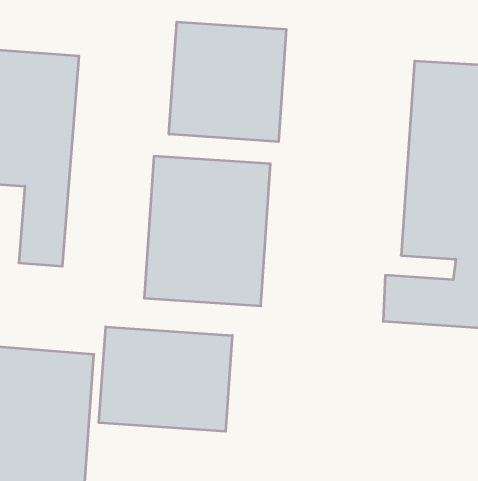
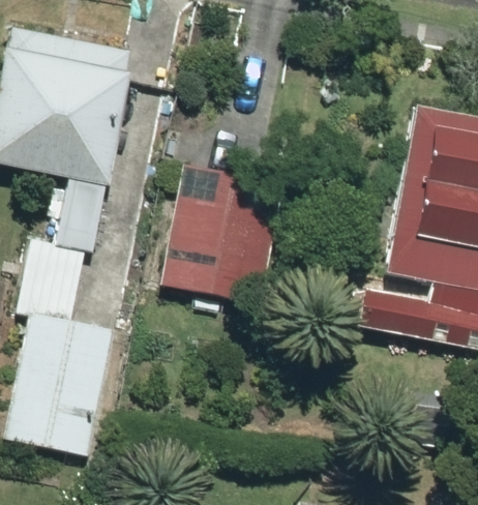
building: [169,22,286,142] -> none
building: [99,327,232,431] -> none

